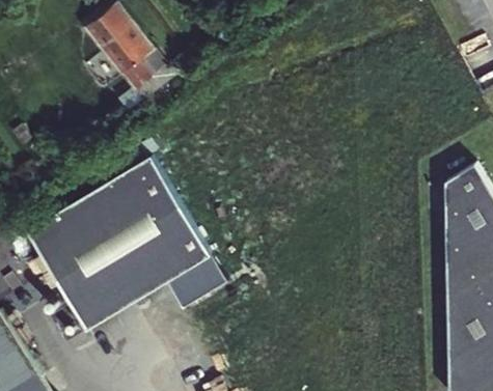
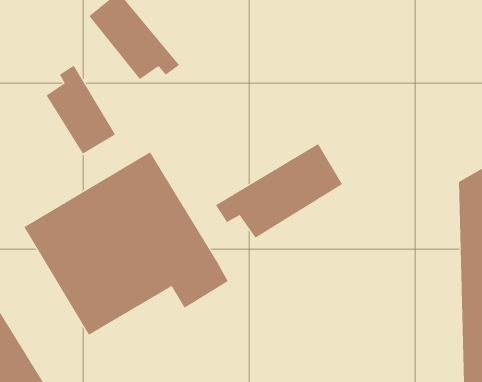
building: none -> [46,65,116,155]
building: none -> [215,143,343,239]

